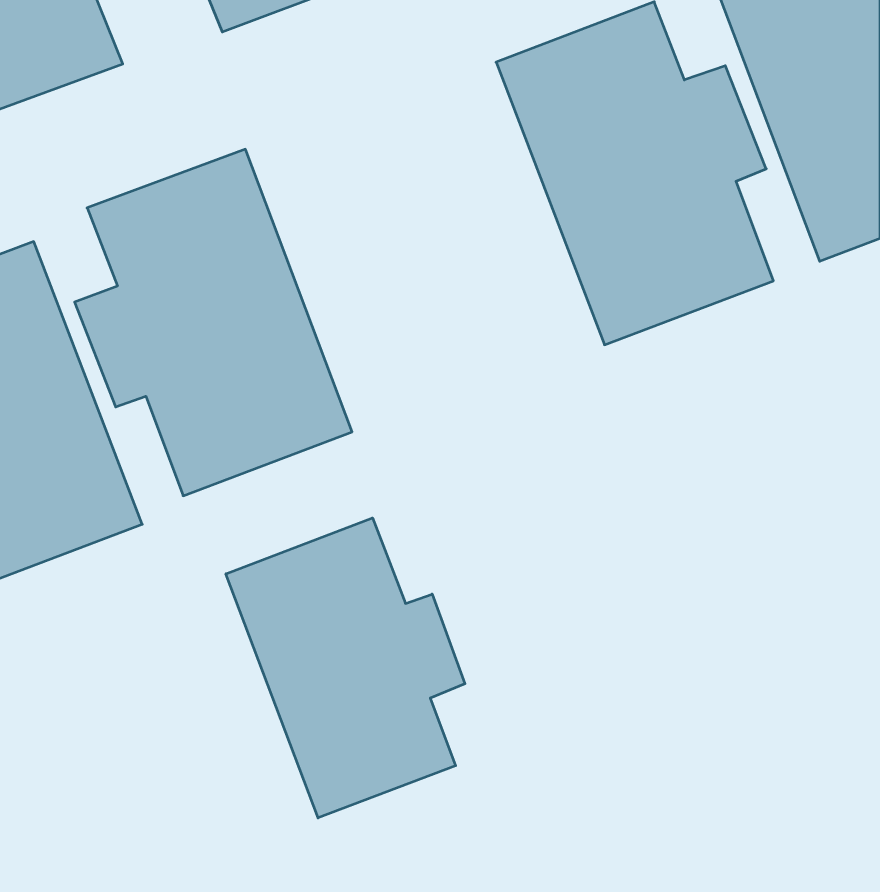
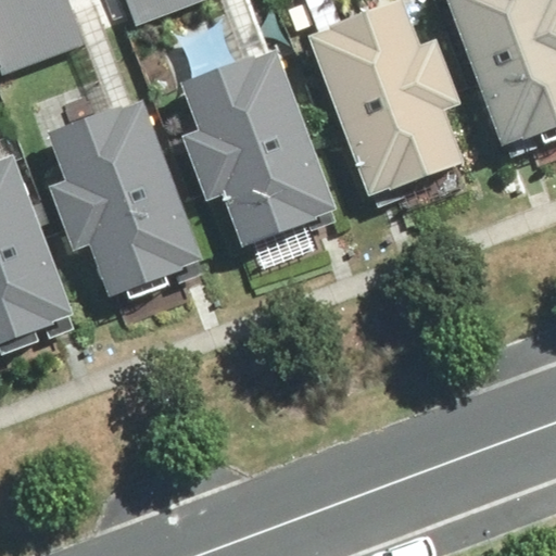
building: none -> [181,39,351,251]
building: [226,518,465,818] -> none

